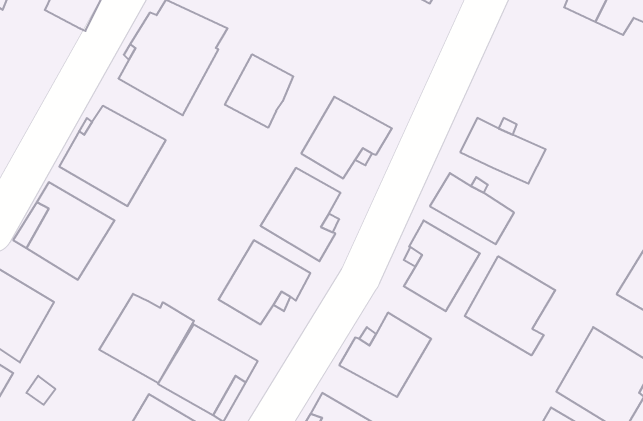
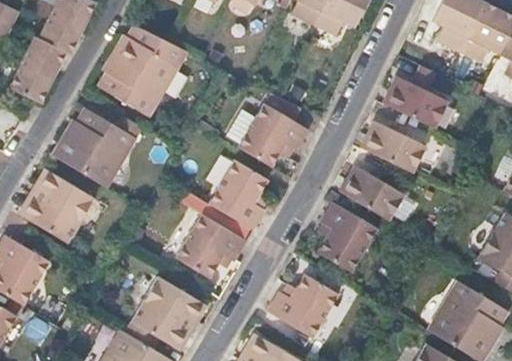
building: none -> [14,39,69,104]
building: none -> [380,64,444,127]
building: [225,54,293,128] -> none
building: [465,256,555,355] -> none
building: [99,294,194,383] -> none

